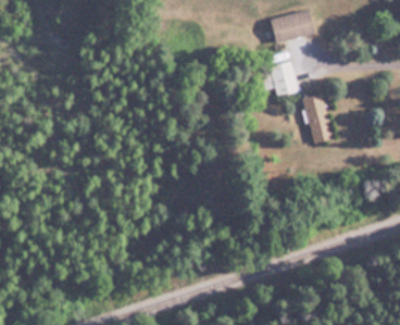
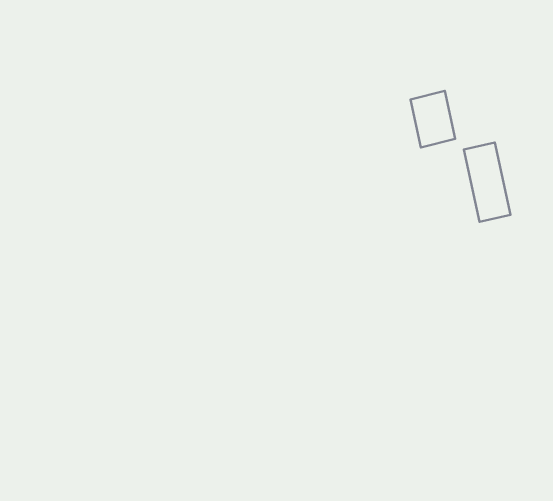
building: [270,9,316,43] -> none

